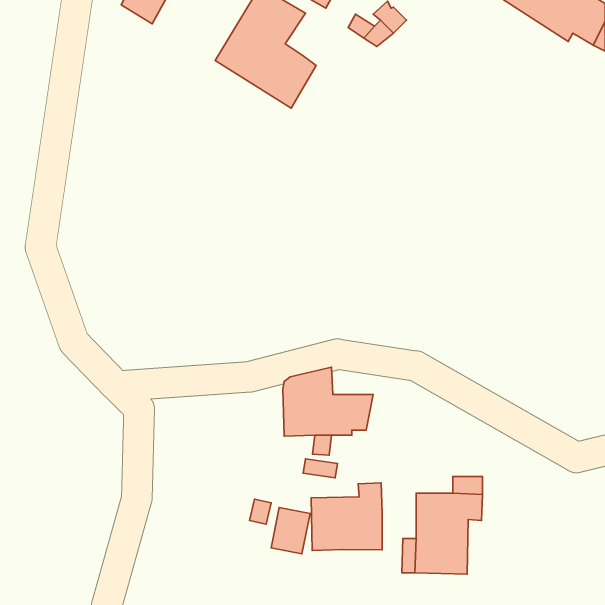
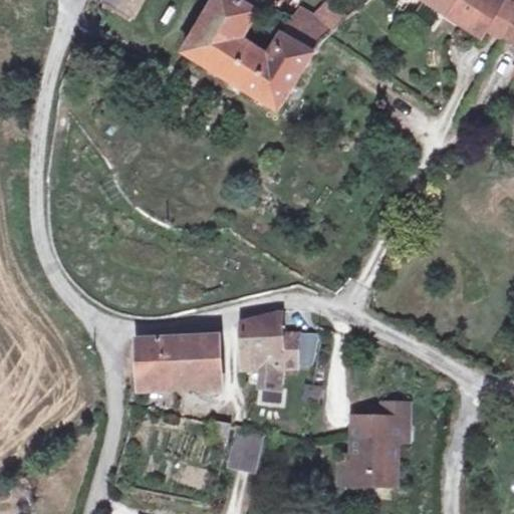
building: none -> [246,33,313,110]
building: none -> [136,334,221,386]
building: [311,483,382,550] -> none

